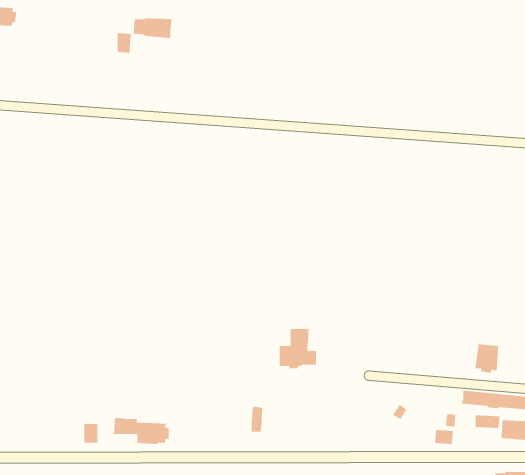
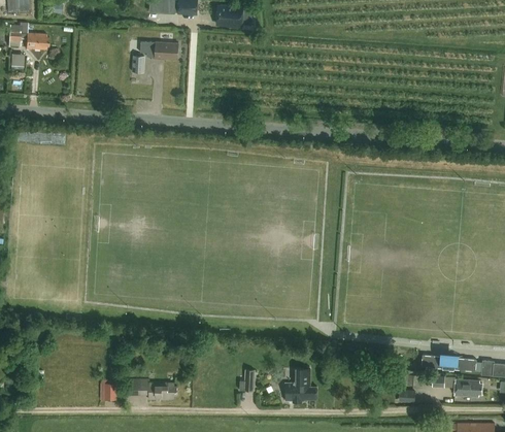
building: [279,328,317,369] -> [283,368,315,402]
building: [475,344,499,374] -> none

